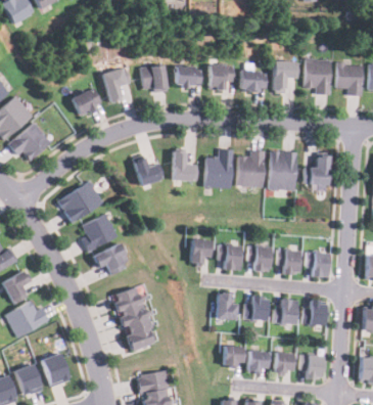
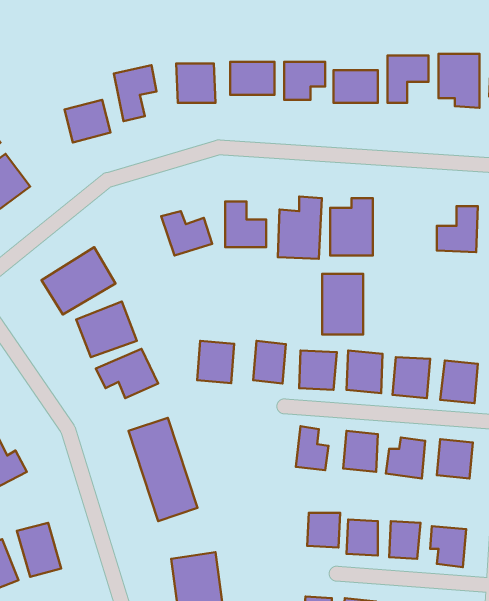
building: [271,152,296,190] -> [322,274,363,334]
building: none -> [197,341,234,383]

